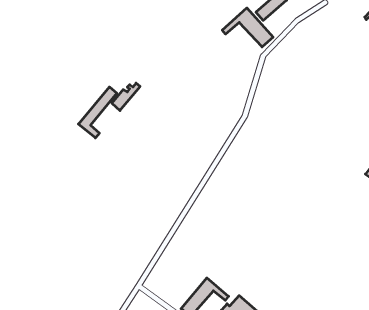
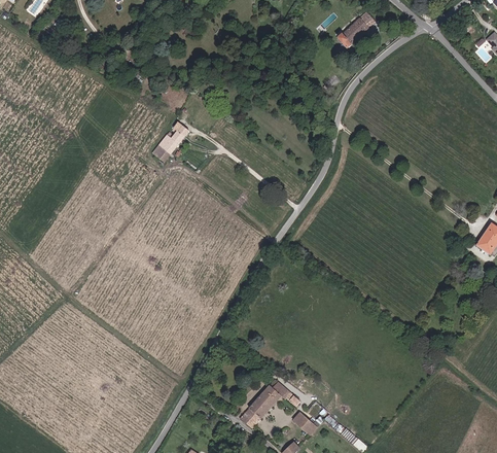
building: [222,8,273,47] -> none
building: [78,87,117,138] -> none

